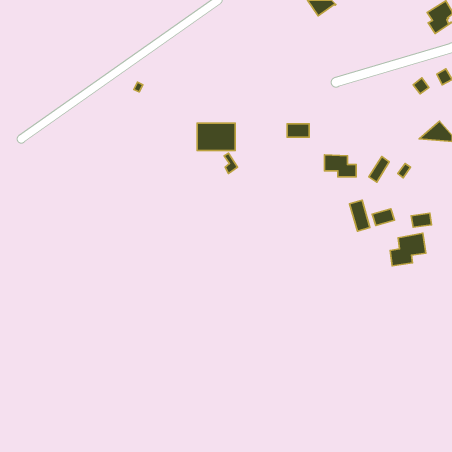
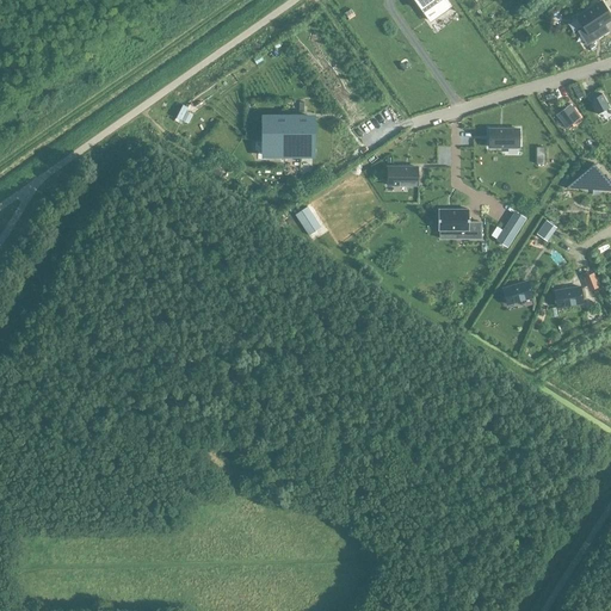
building: none -> [488,129,518,147]
building: [197,123,235,151] -> [261,118,313,155]
building: [350,200,370,231] -> none
building: [390,233,426,266] -> none

